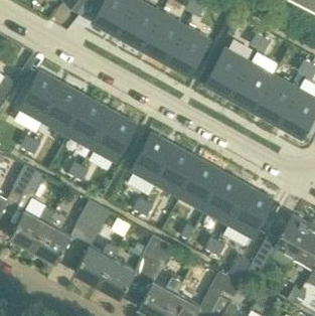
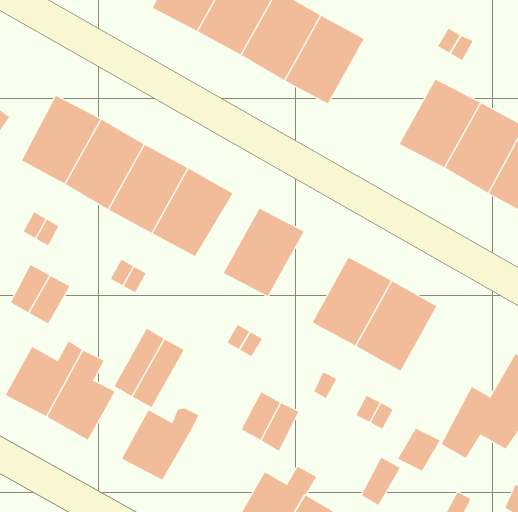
building: [204,47,249,98] -> none
building: [156,146,200,196] -> none
building: [229,187,273,236] -> none
building: [98,258,136,297] -> none

